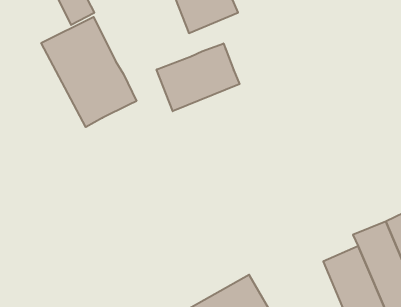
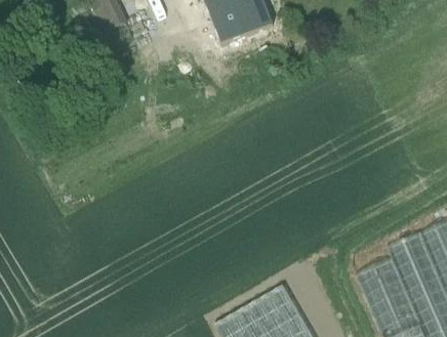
building: [41,17,136,127] -> none
building: [157,43,240,111] -> none

